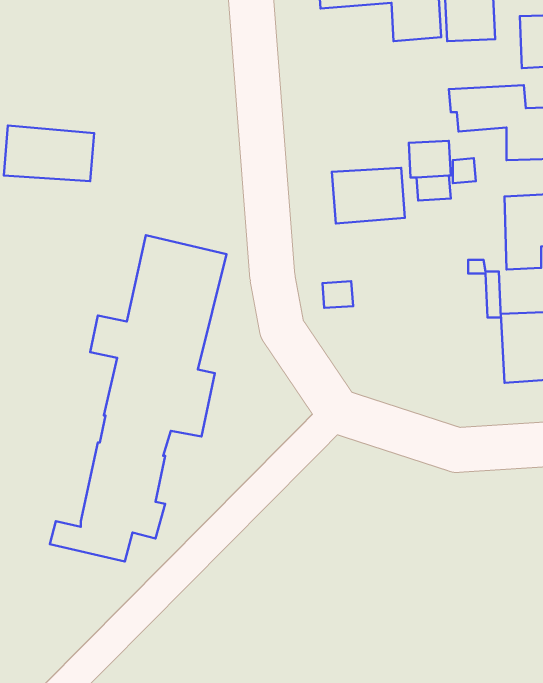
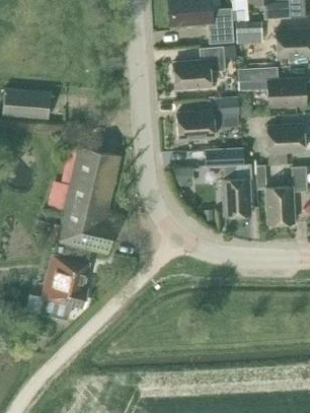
building: none -> [173,46,236,89]
building: none -> [205,148,251,216]

